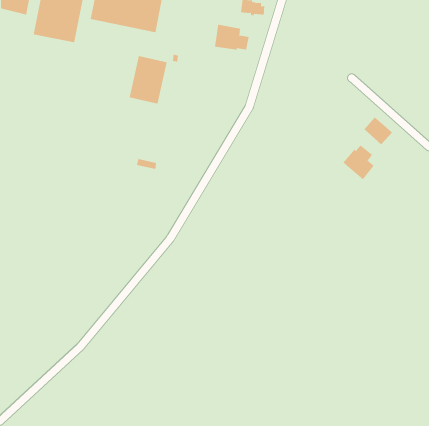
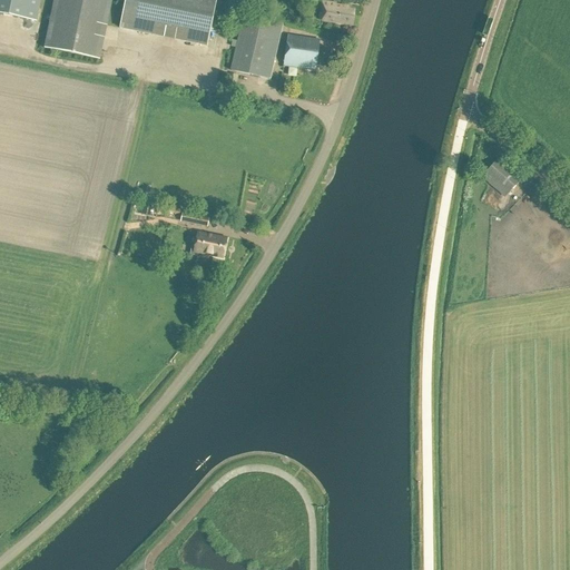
building: [129,55,167,104] -> [232,12,283,77]
building: [342,144,374,180] -> none
building: none -> [189,230,226,255]

